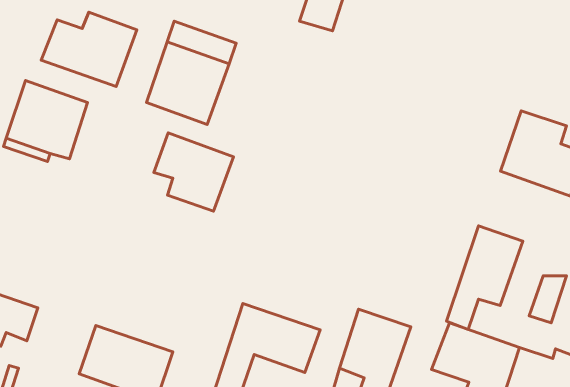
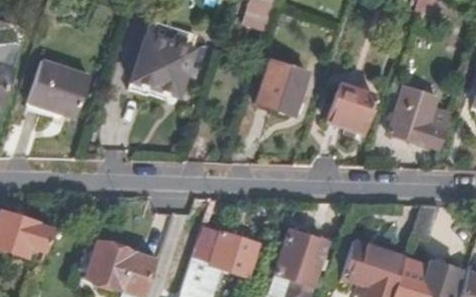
building: [41,12,137,87] -> none
building: none -> [257,61,310,116]
building: none -> [324,84,376,134]
building: [154,133,233,211] -> none
building: [446,226,523,329] -> none

